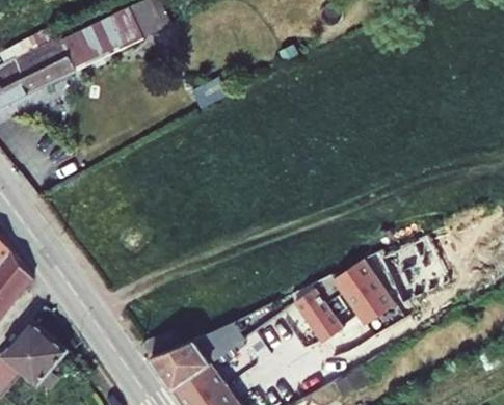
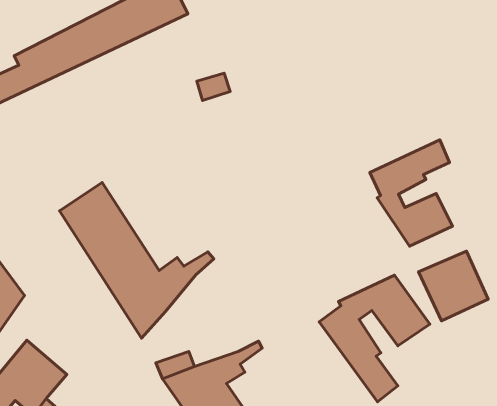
building: none -> [370,140,452,246]
building: none -> [60,182,214,338]

